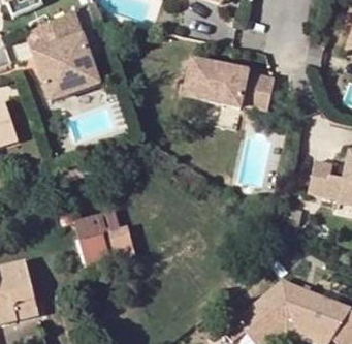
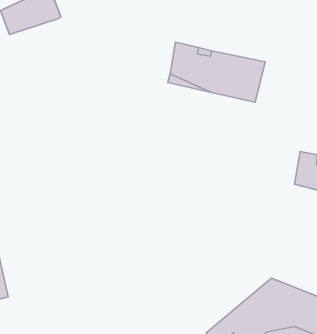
building: [35,37,98,99] -> none
building: [76,206,135,267] -> none

